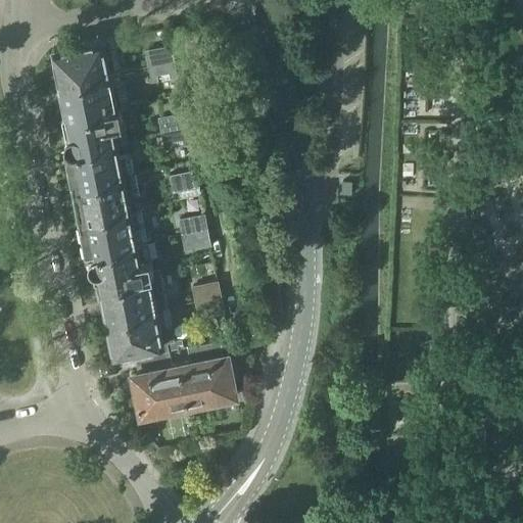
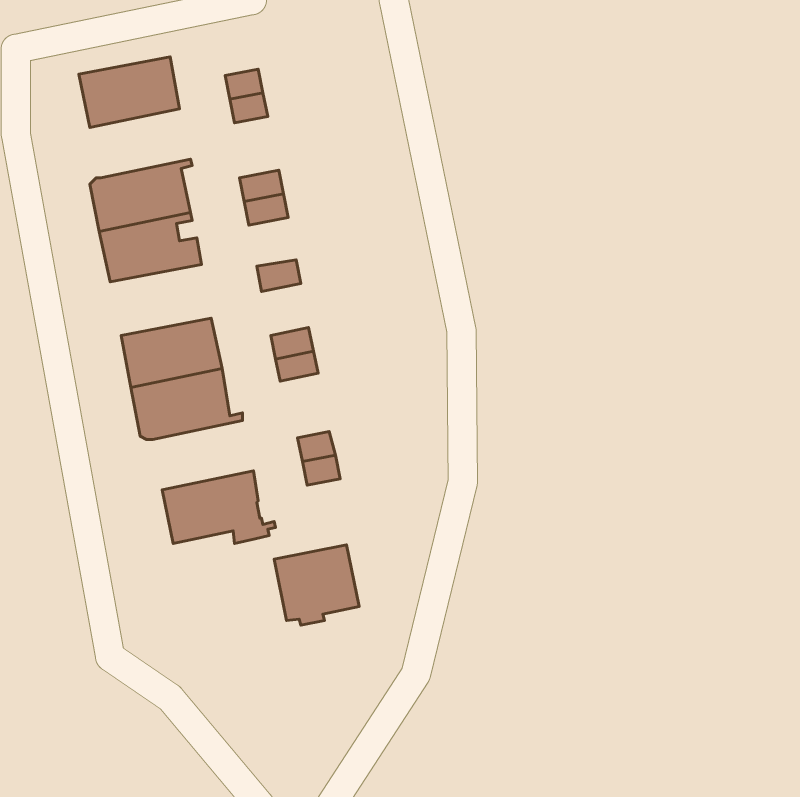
building: [58,76,124,121] -> none
building: [69,177,137,224] -> none
building: [99,278,164,323] -> none
building: [131,354,186,418] -> none

